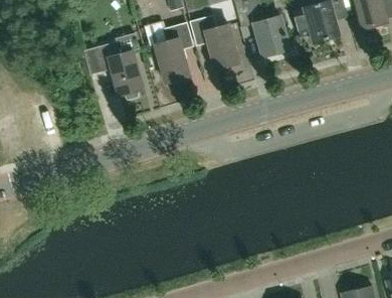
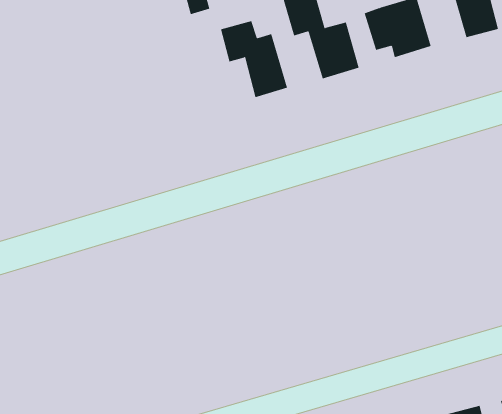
building: [155,23,192,83] -> none
building: [83,41,142,99] -> none

